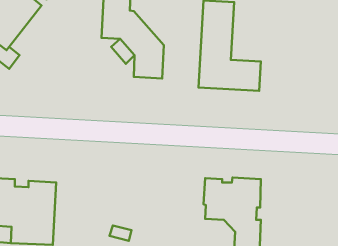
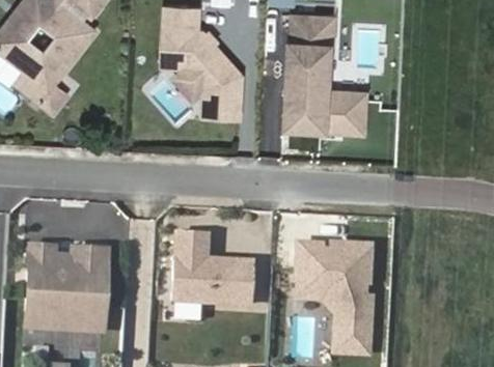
building: none -> [170,230,252,305]

